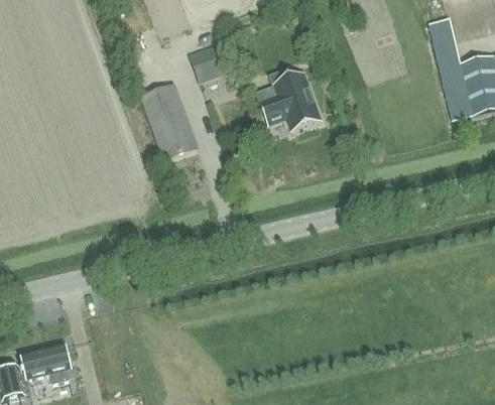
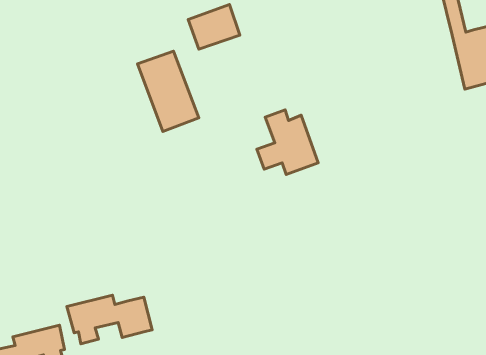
building: [261,68,320,129] -> [257,110,318,174]
building: none -> [67,295,152,344]

